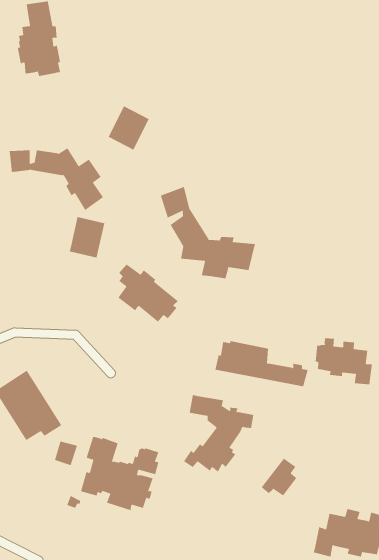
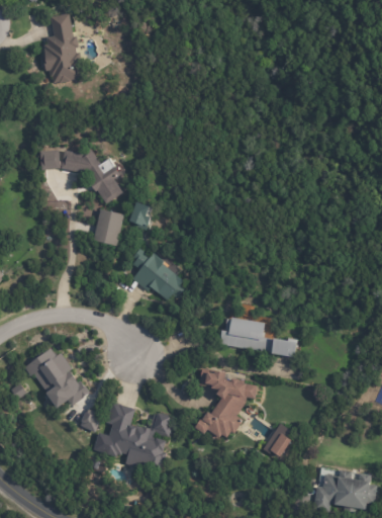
building: [108,106,150,151] -> none
building: [160,186,256,279] -> none
building: none -> [128,199,150,229]
building: [315,338,372,385] -> none

